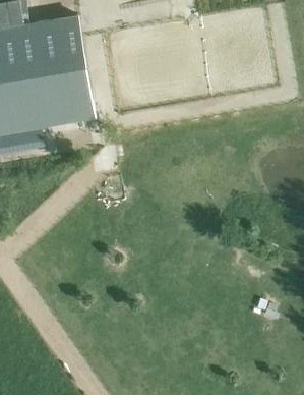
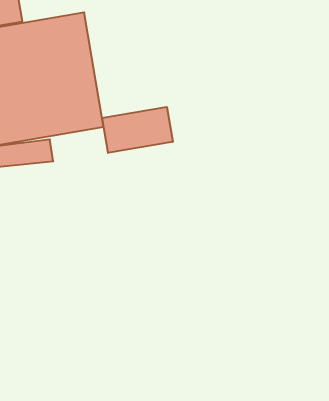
building: none -> [102,107,173,153]

